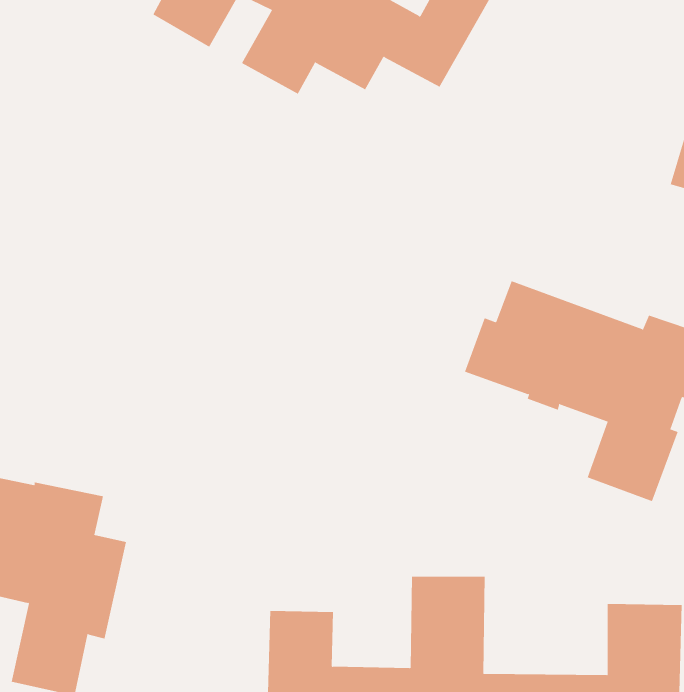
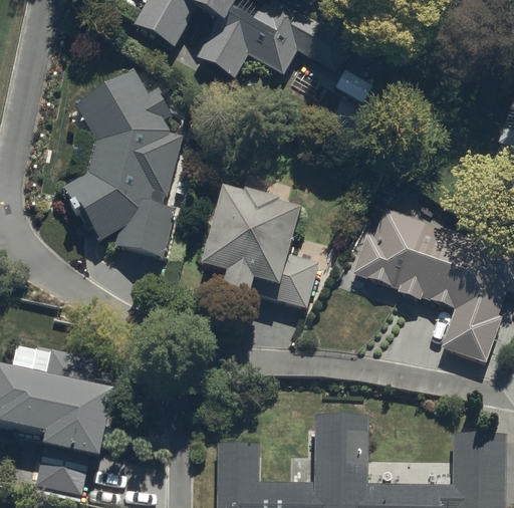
building: none -> [62,67,182,257]
building: none -> [202,190,319,308]

